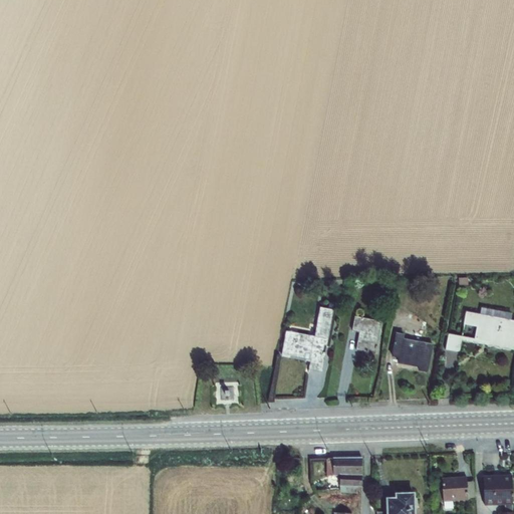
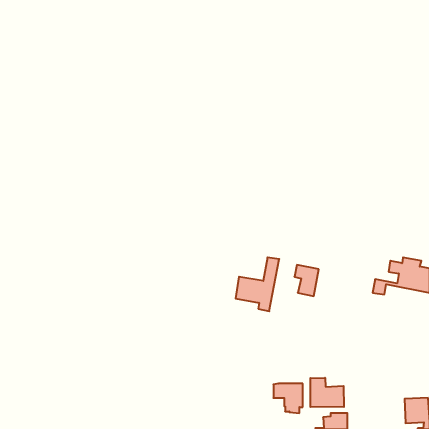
building: [393,332,434,371] -> none
building: none -> [310,378,344,407]
building: [443,476,476,501] -> none

